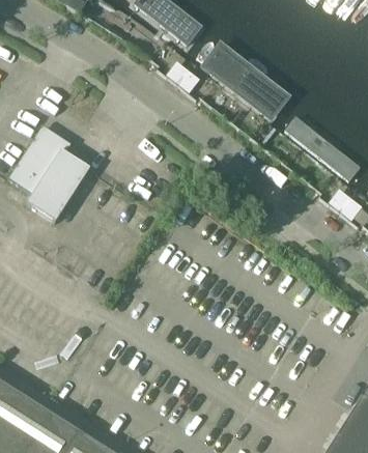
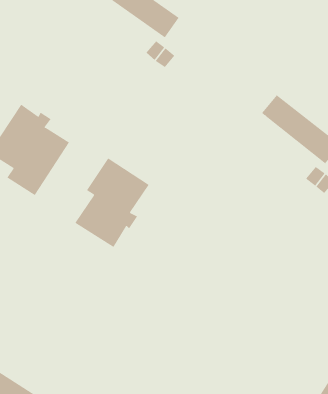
building: [204,49,285,119] -> none
building: none -> [75,157,149,248]

